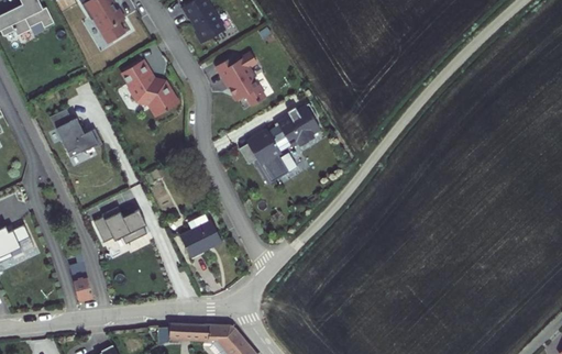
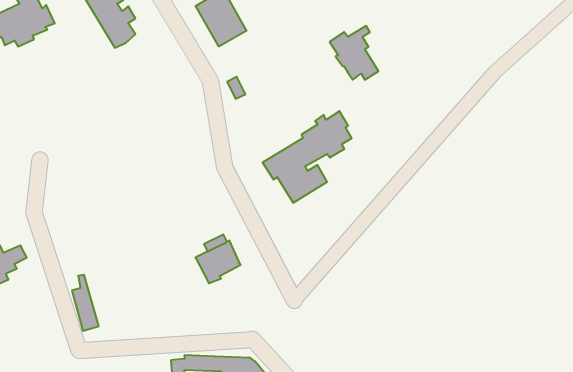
building: [220,53,264,101] -> [330,26,378,80]
building: [118,59,181,120] -> none
building: [49,109,103,161] -> none
building: [102,207,146,242] -> none

